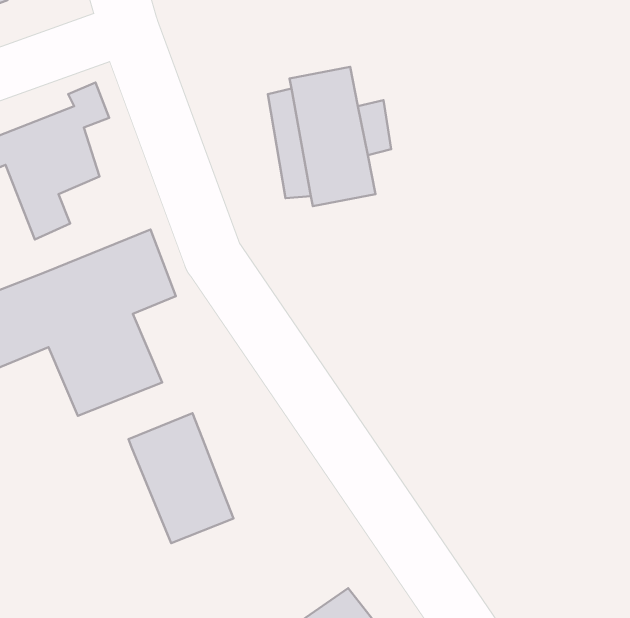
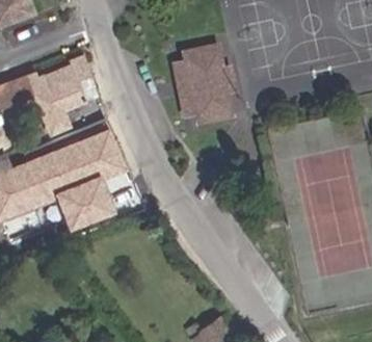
building: [128,413,233,543] -> none

